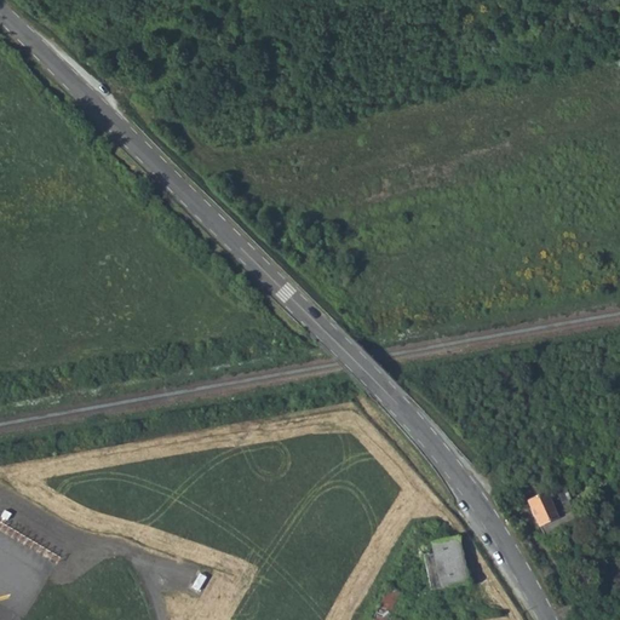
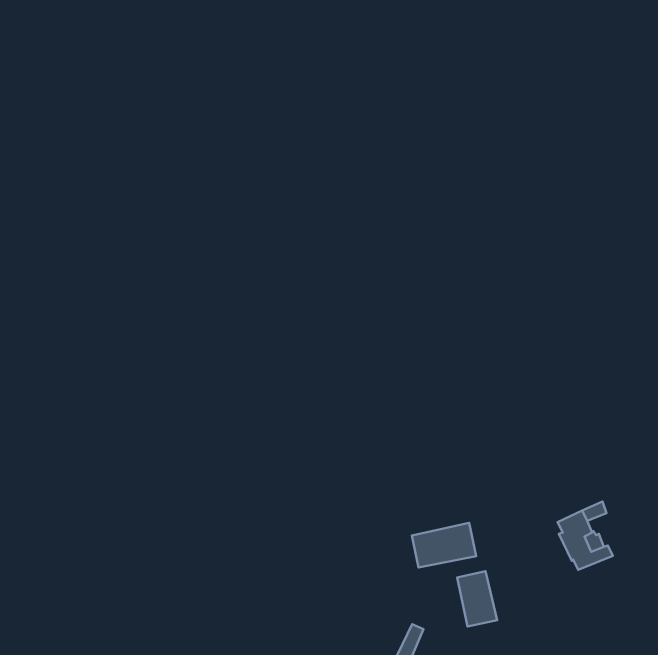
building: none -> [412,523,476,568]

